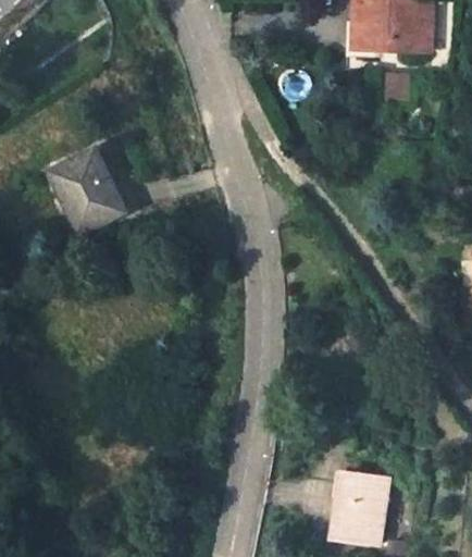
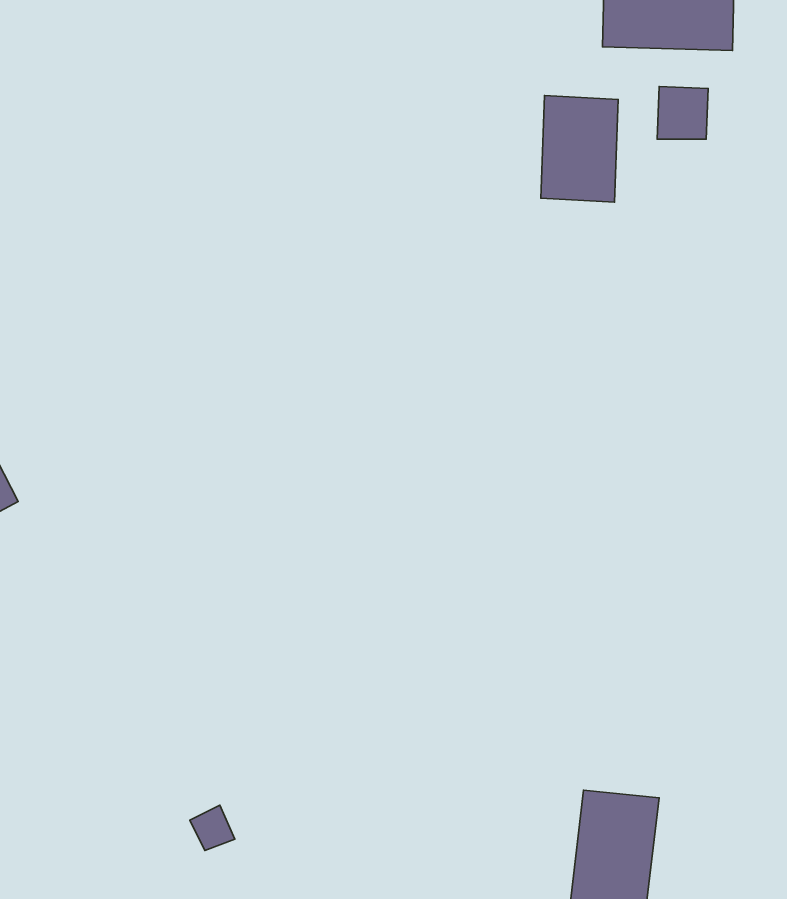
building: none -> [541,95,618,202]
building: [50,149,119,232] -> none

